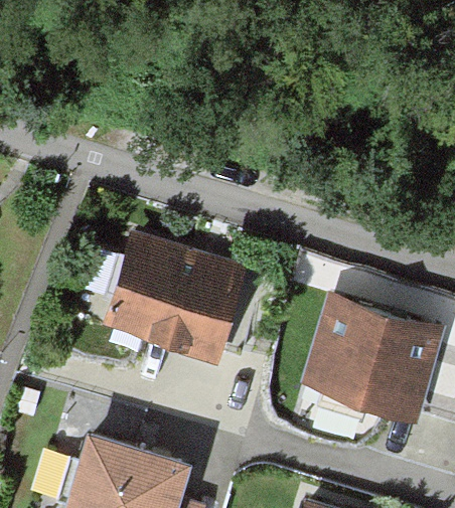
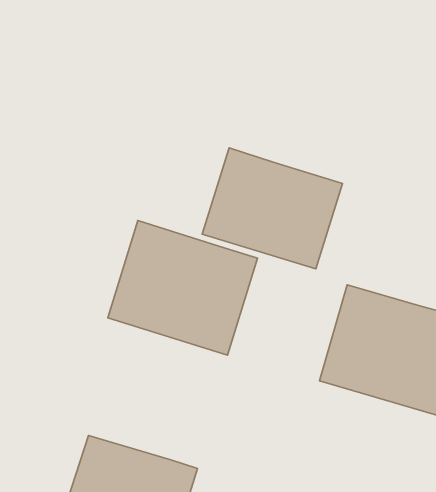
building: none -> [202,148,342,269]

